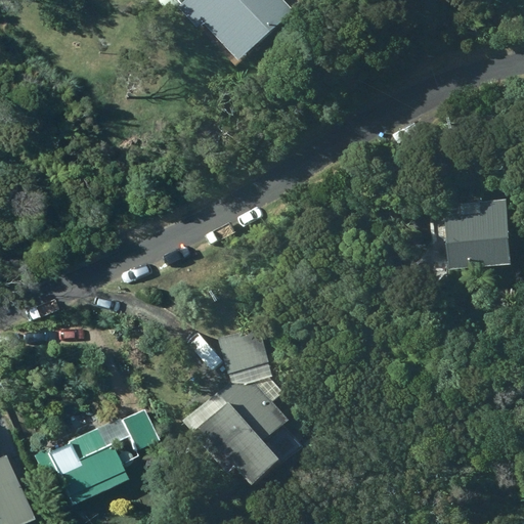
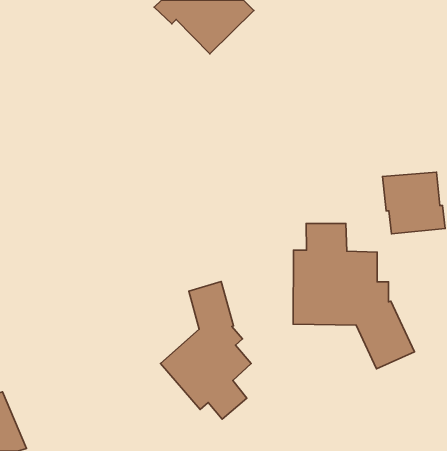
building: none -> [293,224,414,369]
building: [31,409,154,506] -> none

